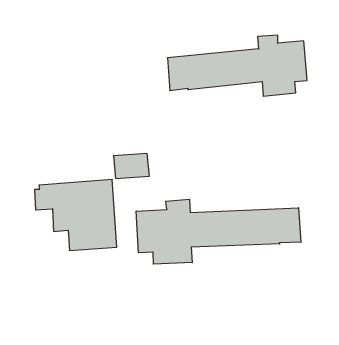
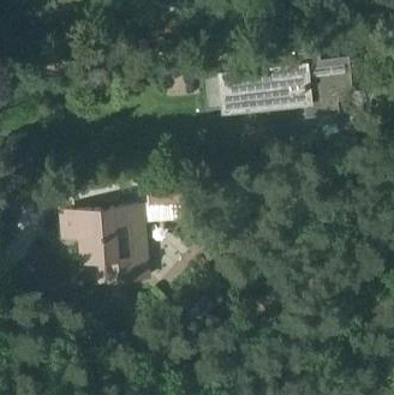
building: [136,199,301,264] -> none

